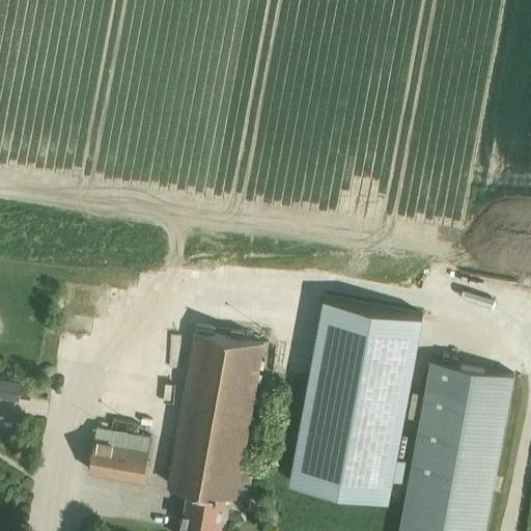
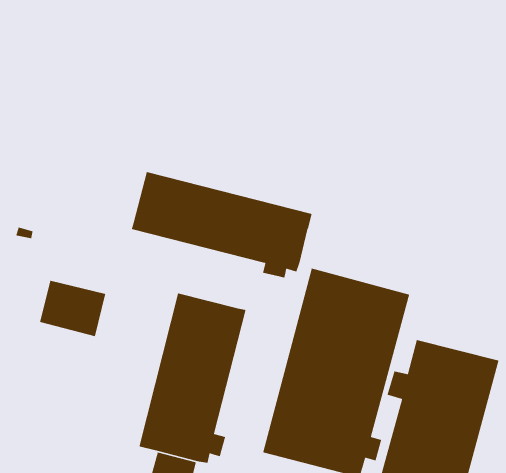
building: none -> [131,171,313,279]
building: [88,431,151,484] -> [39,280,106,337]

